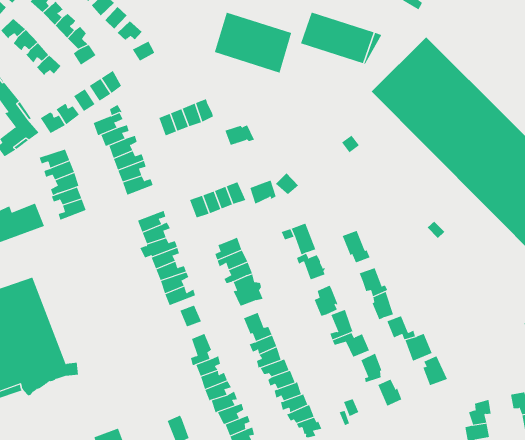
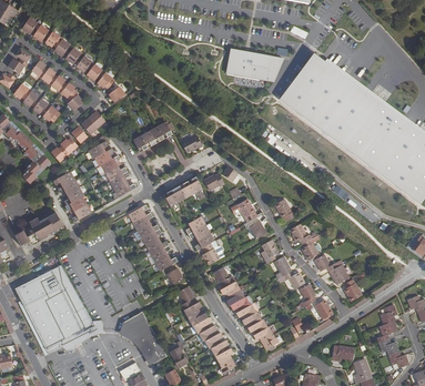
building: [214,12,292,73] -> none
building: none -> [121,311,163,356]

